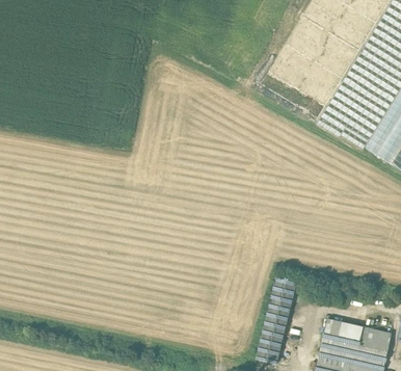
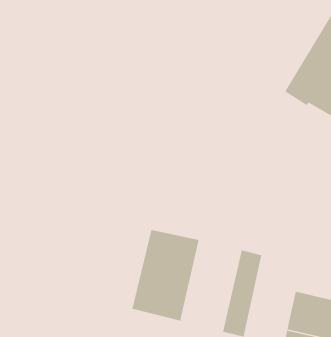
building: none -> [131,229,200,321]

